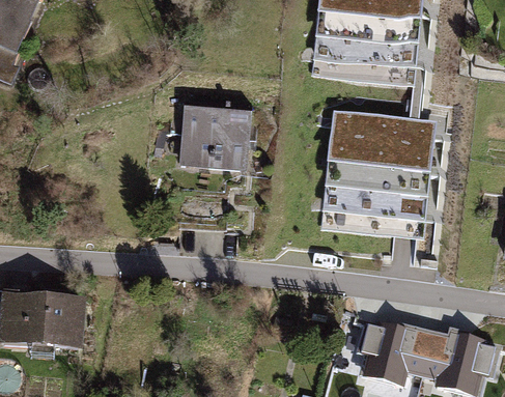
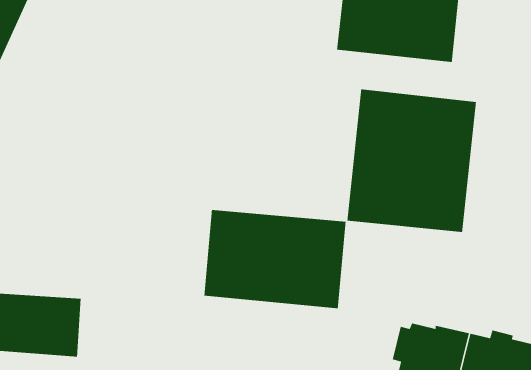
building: [178,106,253,169] -> none
building: none -> [203,209,347,309]

